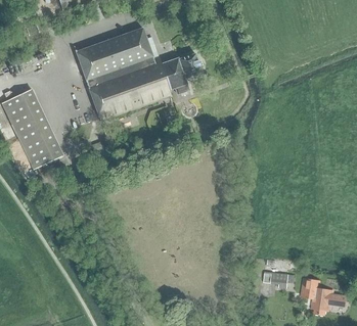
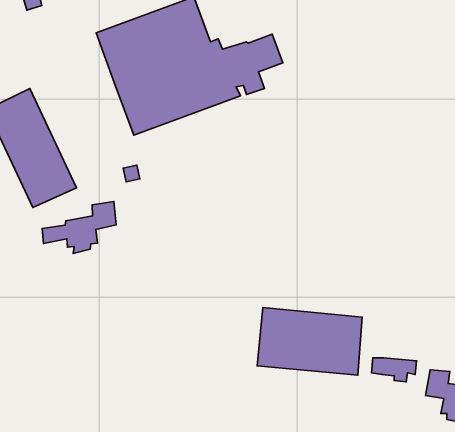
building: none -> [42,202,116,253]
building: none -> [257,307,362,375]

